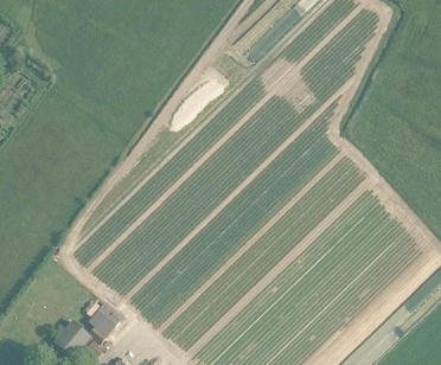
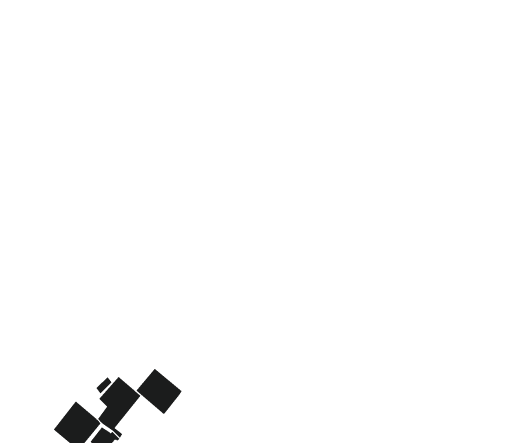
building: none -> [136,368,183,415]

